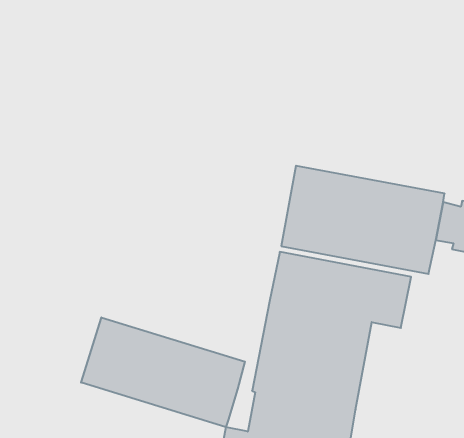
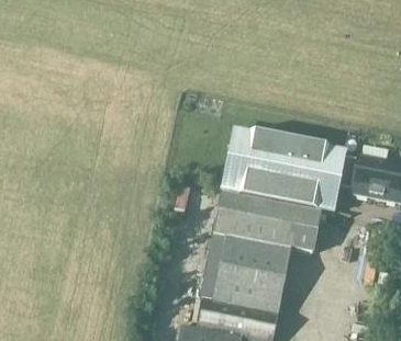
building: [81,317,245,427] -> none

